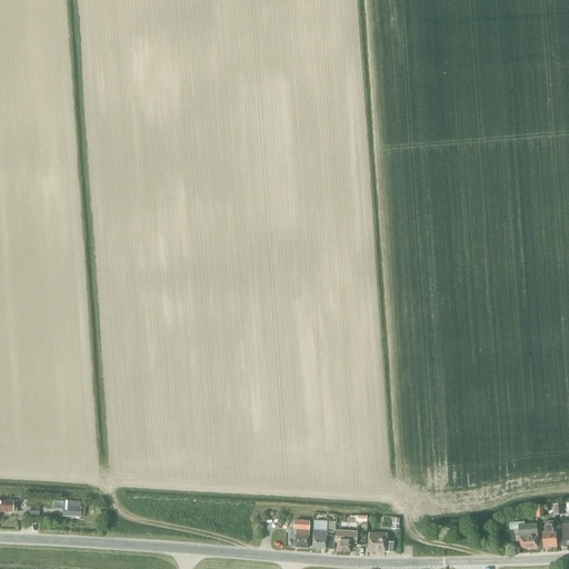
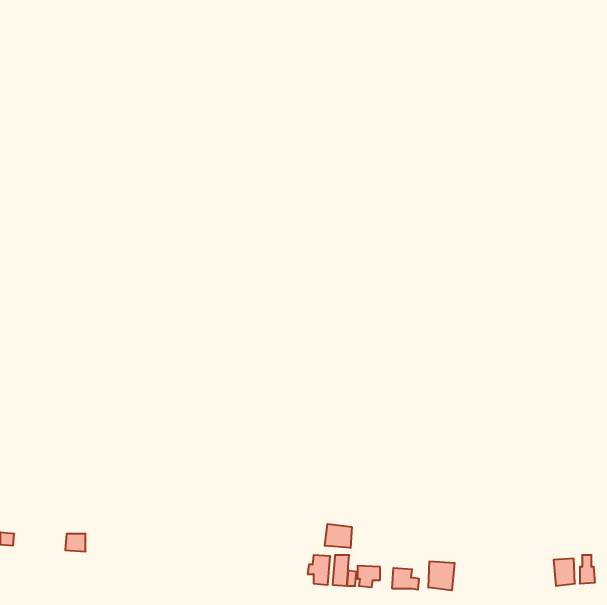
building: none -> [325,524,352,548]
building: none -> [428,561,454,590]

